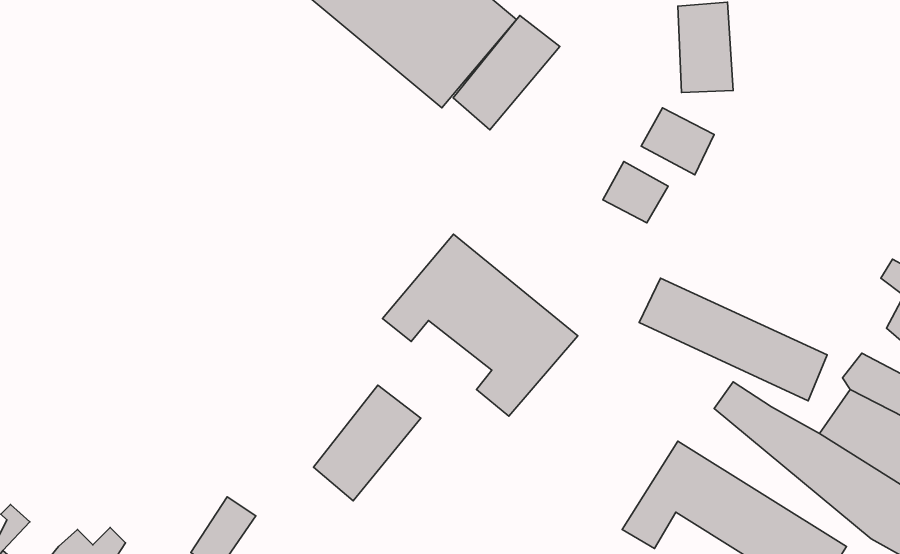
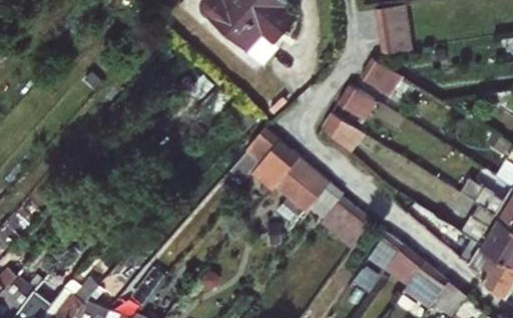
building: [453,16,560,130] -> none
building: none -> [321,113,365,151]
building: none -> [319,188,374,248]
building: [313,385,421,501] -> none

